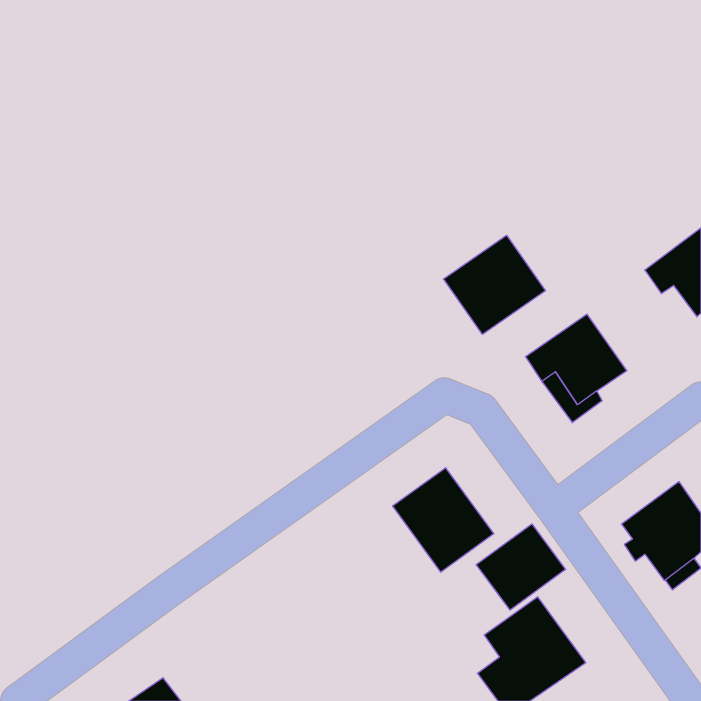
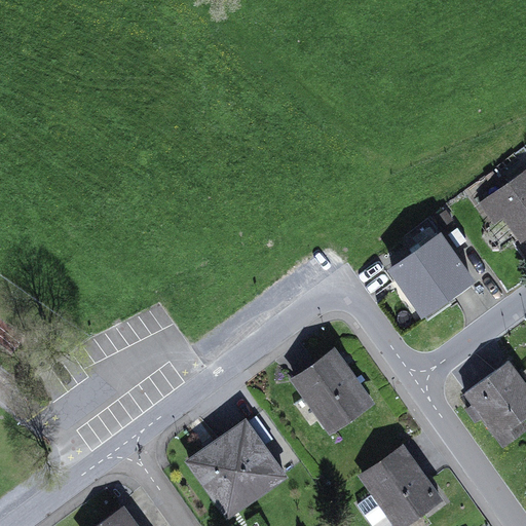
building: [443,235,545,334] -> none
building: [476,524,566,610] -> none
building: none -> [189,422,285,515]

